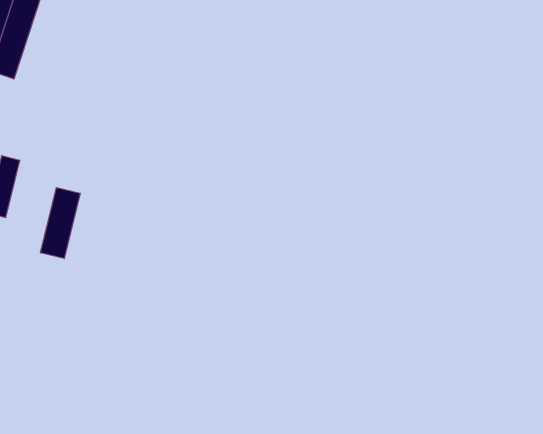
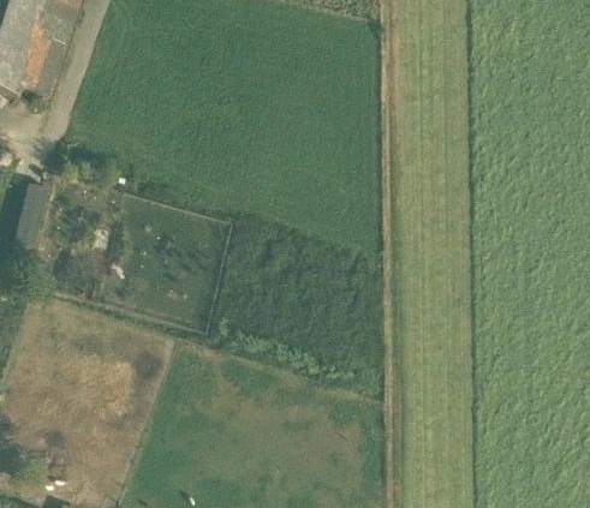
building: [41,188,80,259] -> none

